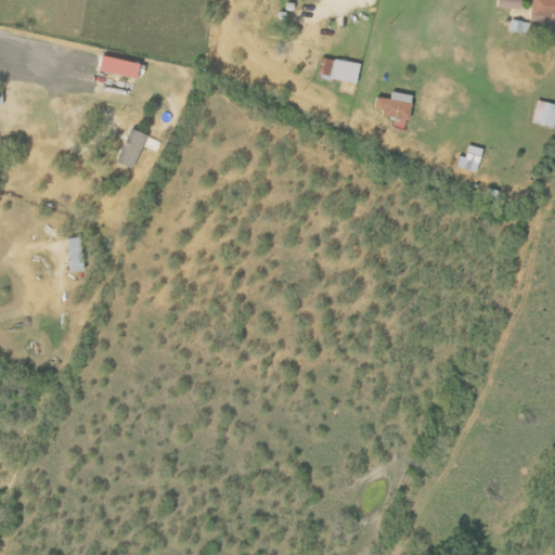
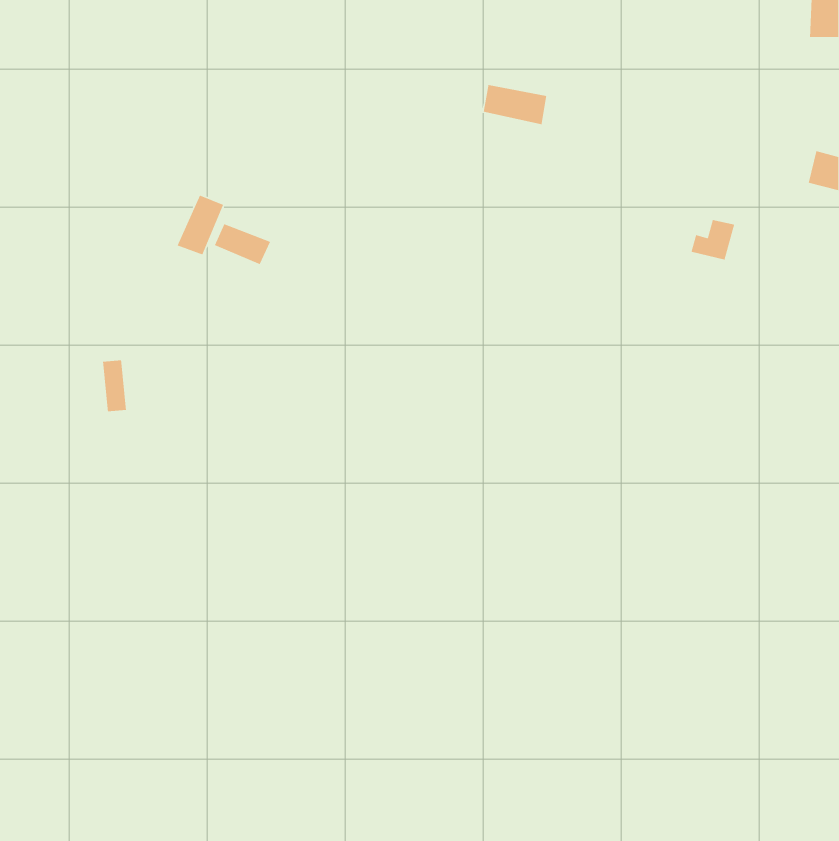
building: [101,55,142,77] -> none
building: [374,90,414,119] -> none
building: none -> [214,223,271,265]

